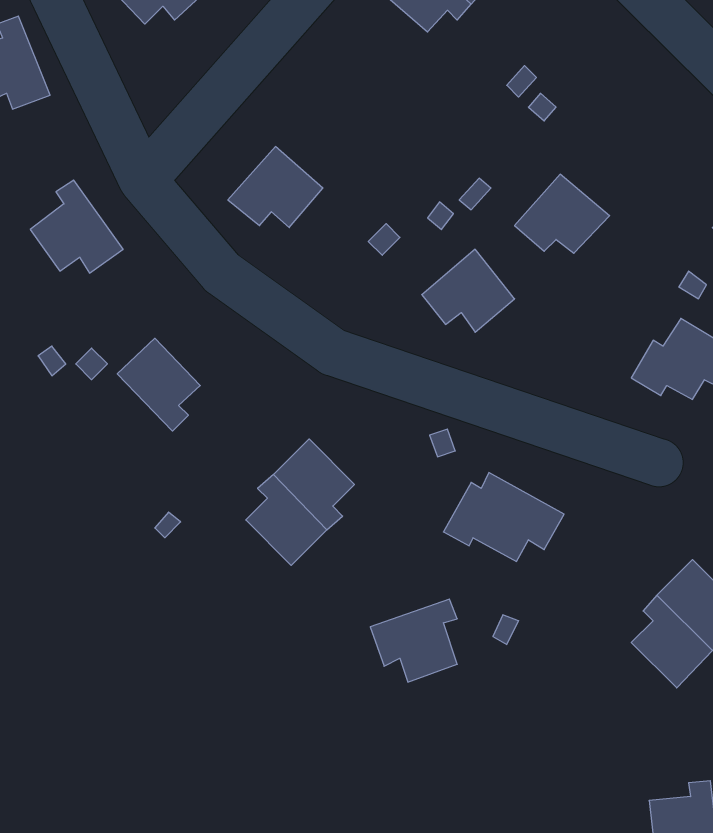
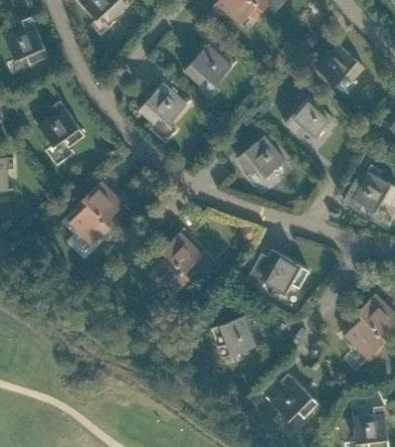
building: none -> [316,44,365,86]
building: none -> [184,45,232,87]
building: none -> [69,199,111,247]
building: none -> [270,374,319,421]

